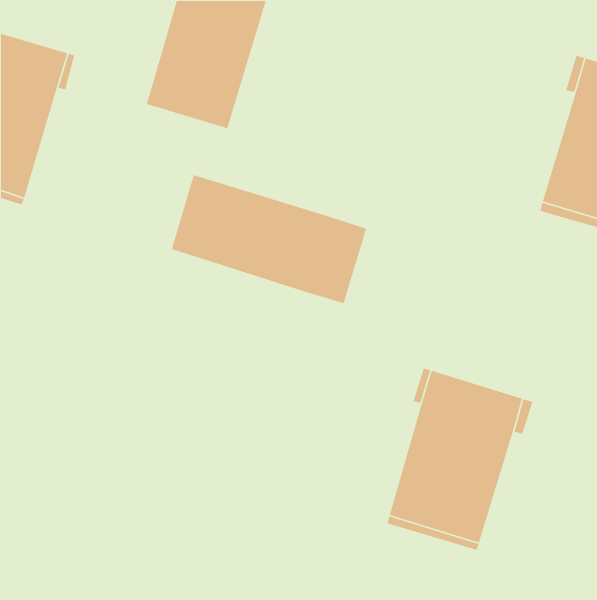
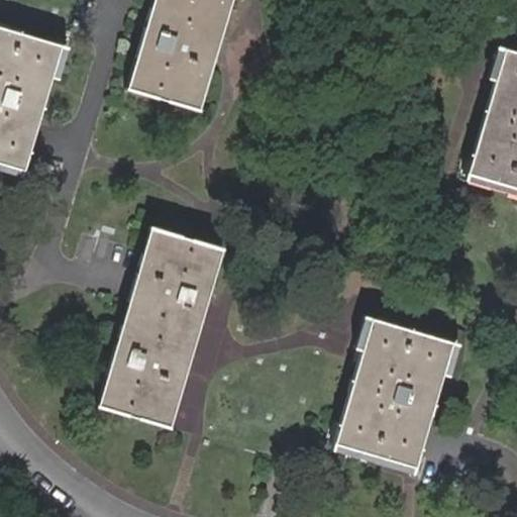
building: [171,174,367,304] -> none
building: none -> [100,228,224,429]

